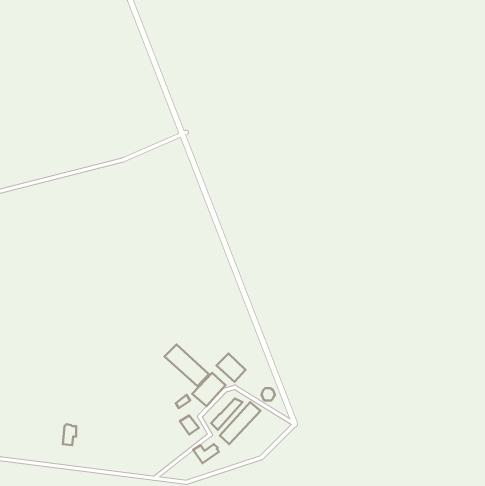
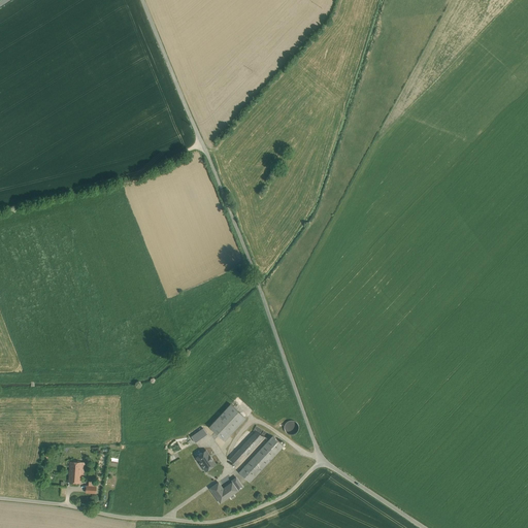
building: [164,344,209,386] -> none
building: [217,353,246,382] -> none

